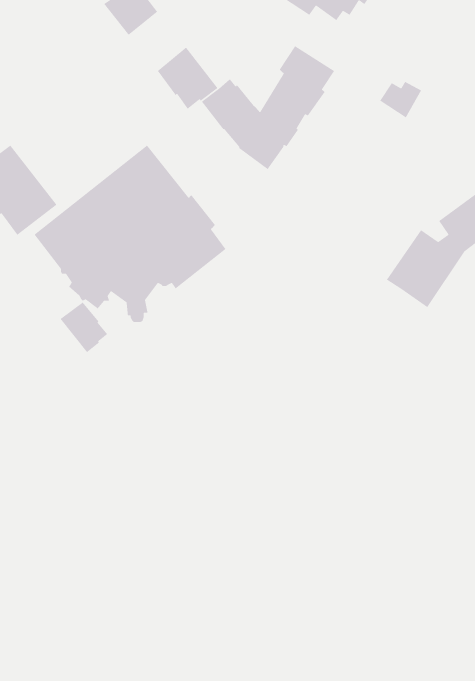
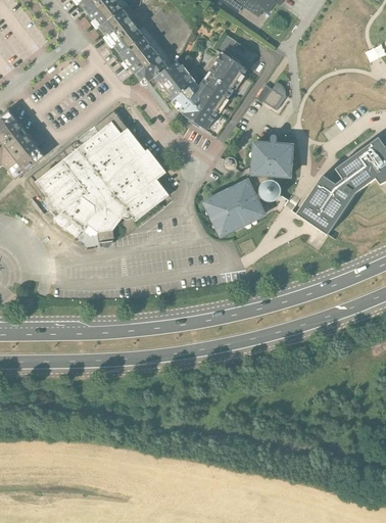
building: none -> [99,9,143,54]
building: [379,81,422,118] -> [257,80,290,108]
building: none -> [203,134,293,237]
building: [60,301,108,353] -> none

